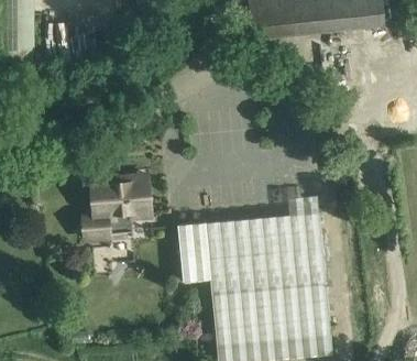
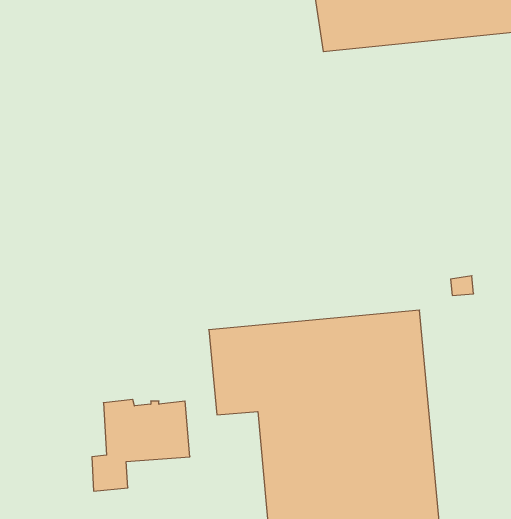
building: [85,177,151,239] -> [92,399,190,491]

